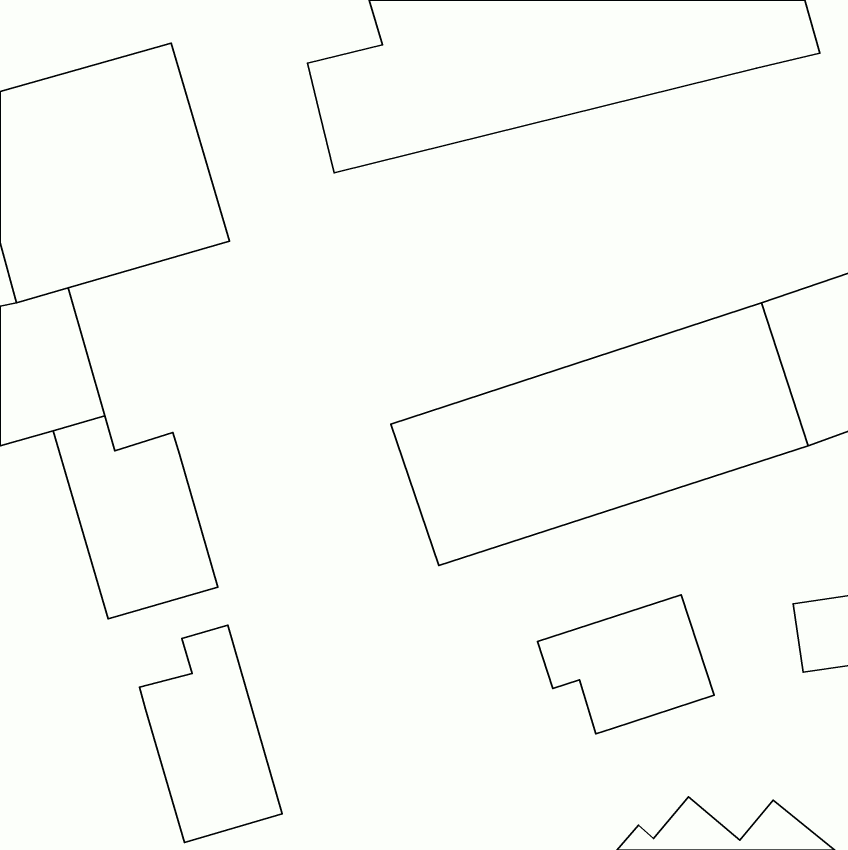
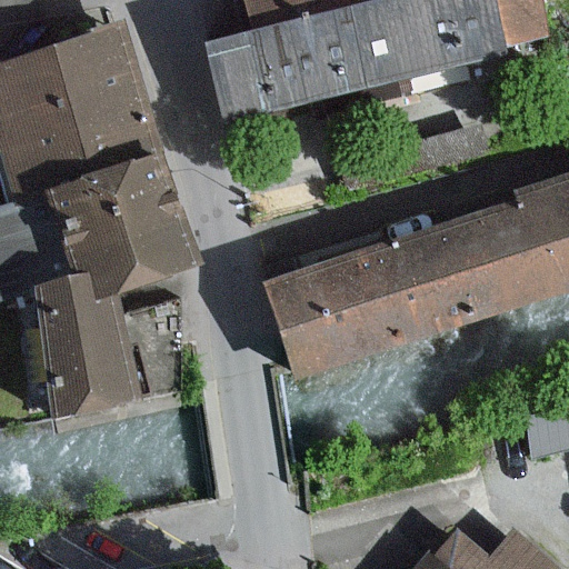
building: none -> [47,161,186,301]
building: [537,595,714,734] -> none
building: [139,625,282,843] -> none

